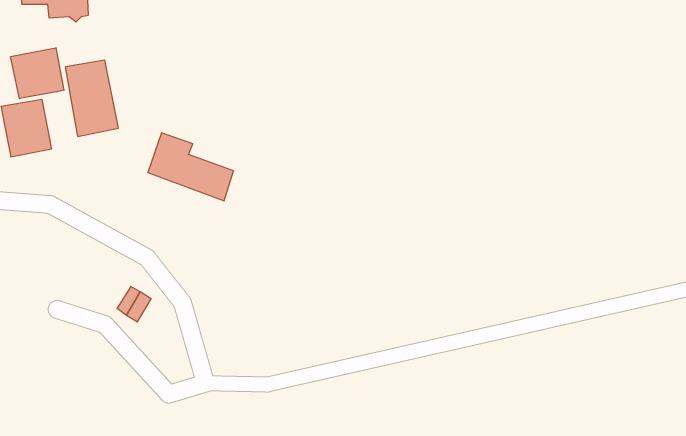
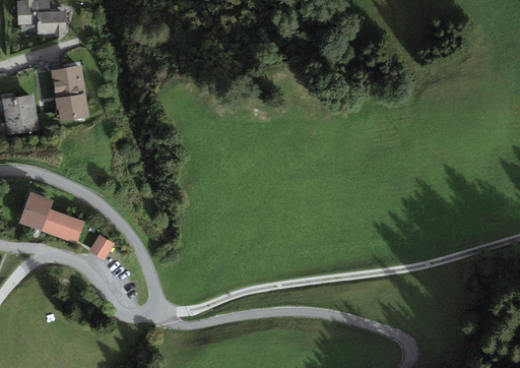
building: [11,48,64,99] -> none
building: [148,133,234,201] -> [19,192,83,243]

